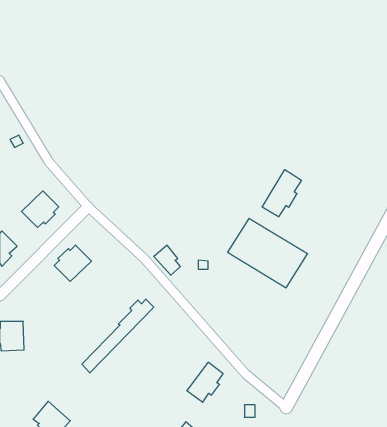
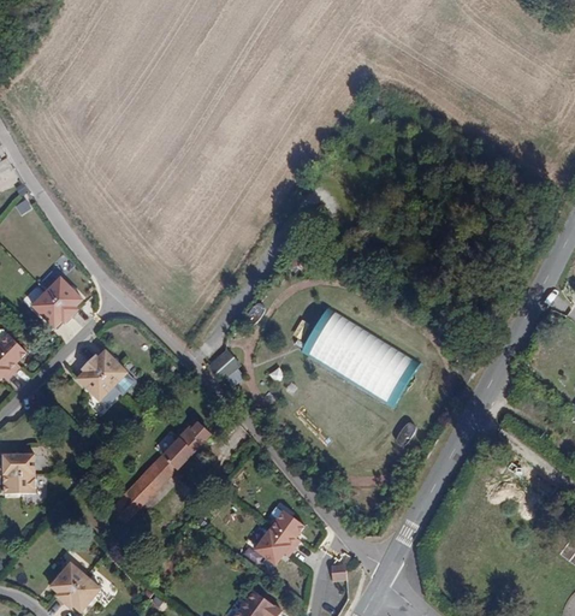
building: [262,170,301,217] -> none

